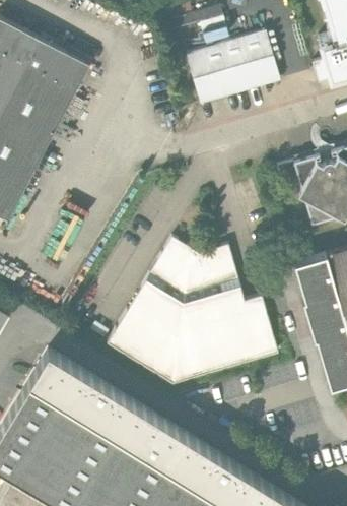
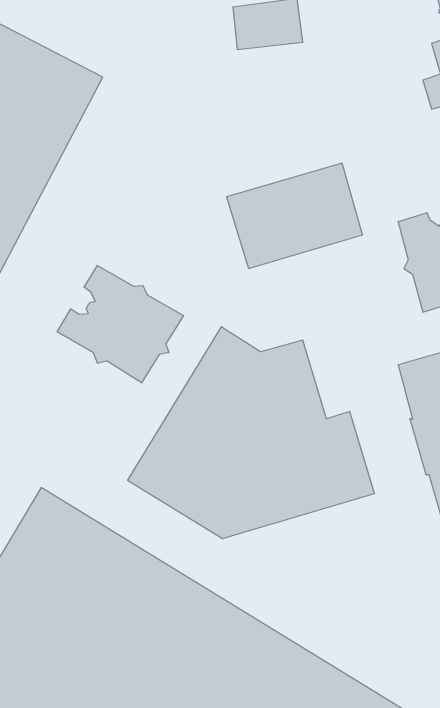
building: [186,33,280,106] -> [227,163,363,268]
building: none -> [57,265,183,383]

